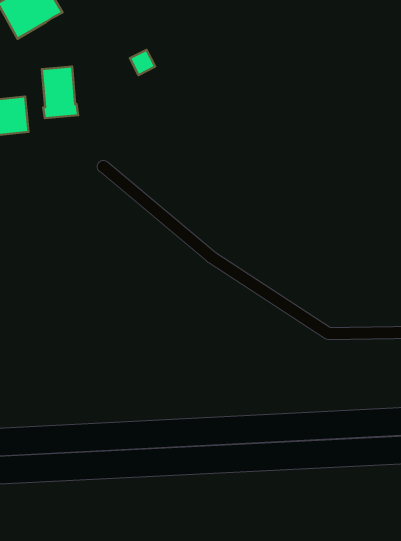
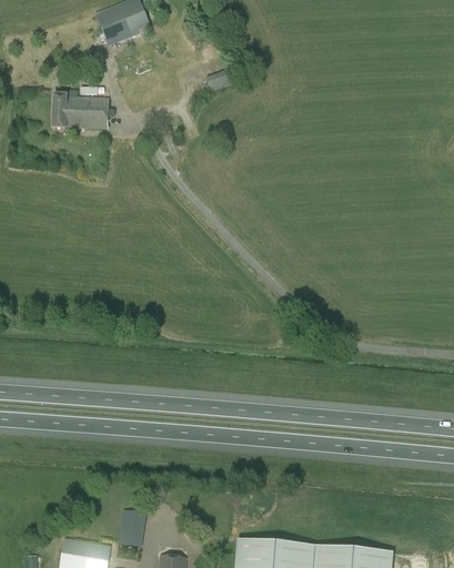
building: [42,66,78,118] -> none

